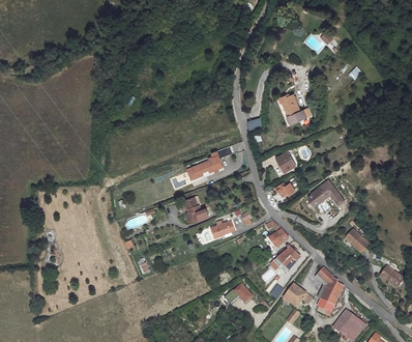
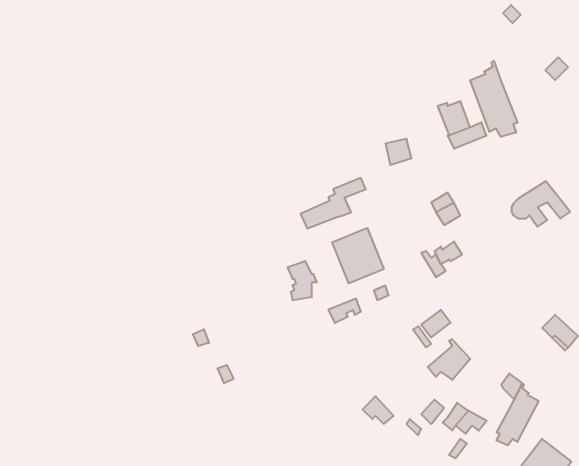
building: none -> [470,61,518,137]
building: none -> [332,228,384,283]
building: [307,180,345,209] -> [511,181,570,227]

